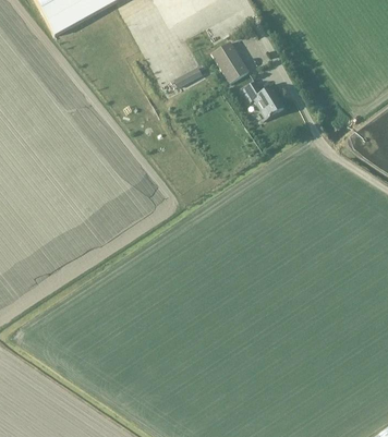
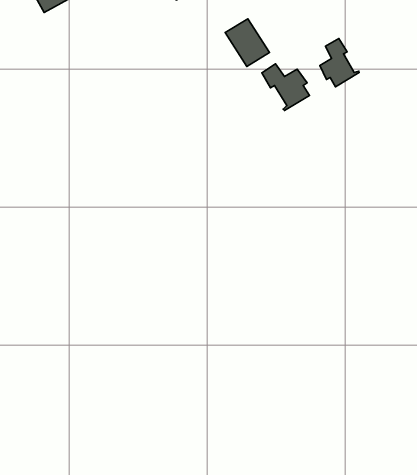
building: none -> [320,38,359,87]

